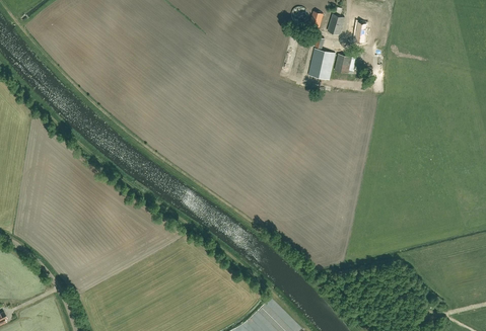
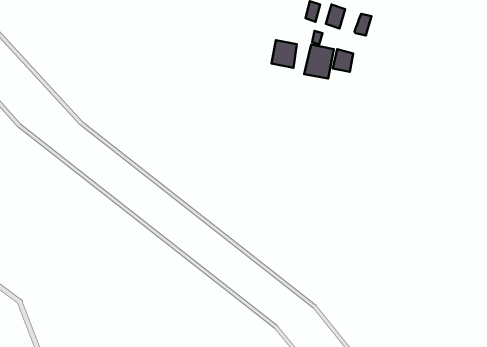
building: none -> [271,40,297,68]

